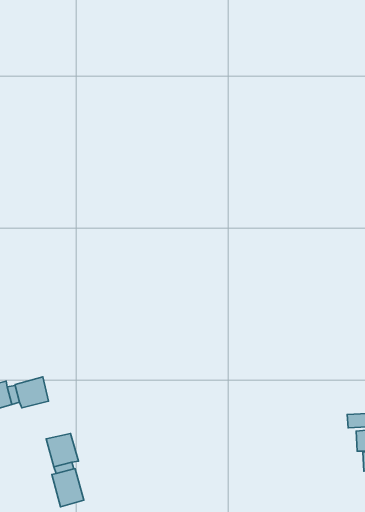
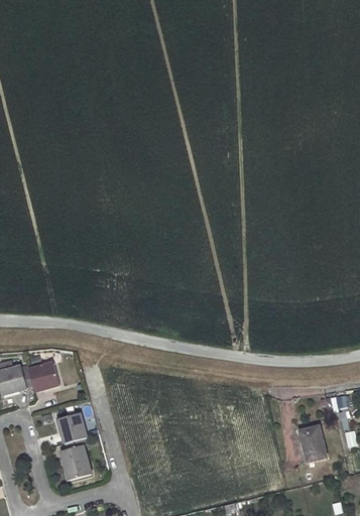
building: none -> [298,425,326,461]

